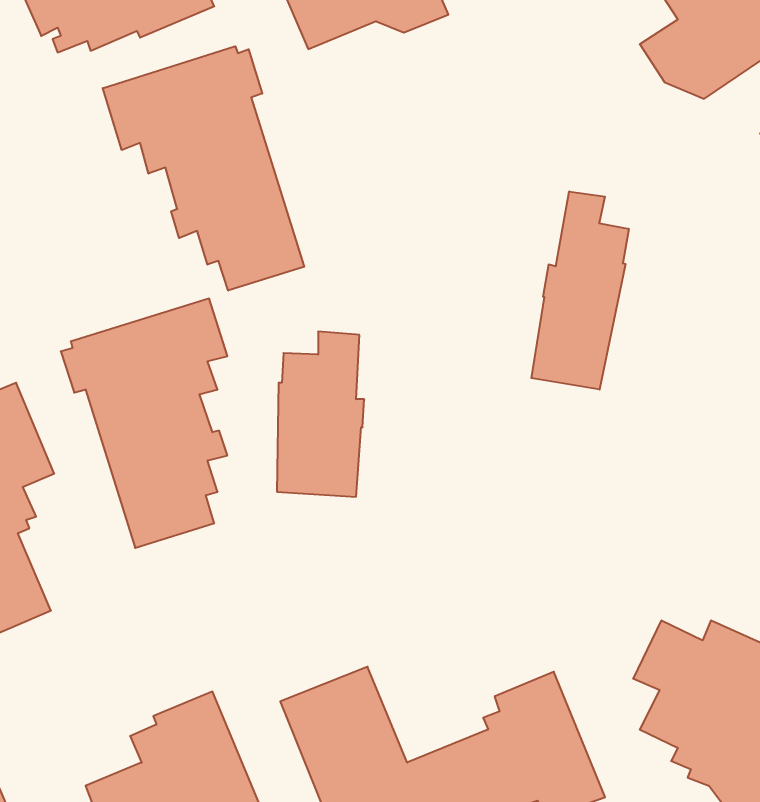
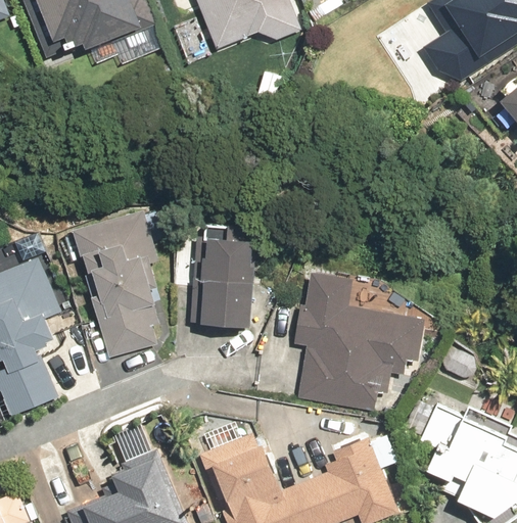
building: [103,46,304,291] -> none
building: [531,191,629,390] -> none
building: none -> [293,273,423,411]

